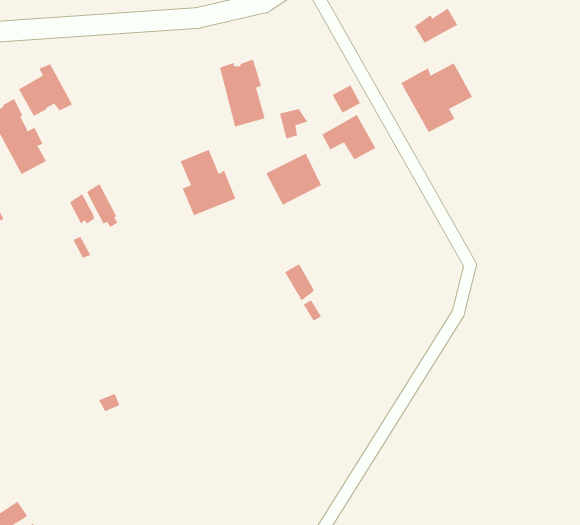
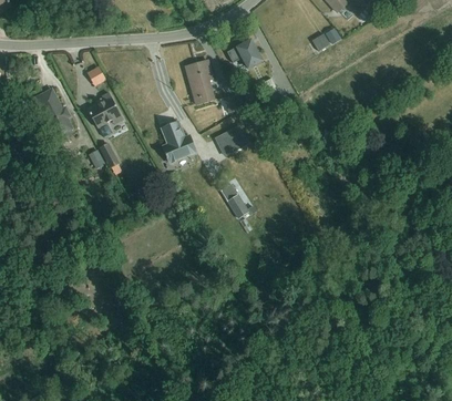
building: [401,63,473,133] -> none
building: [18,64,73,116] -> [88,93,123,127]
building: [321,114,376,160] -> [226,39,261,69]

